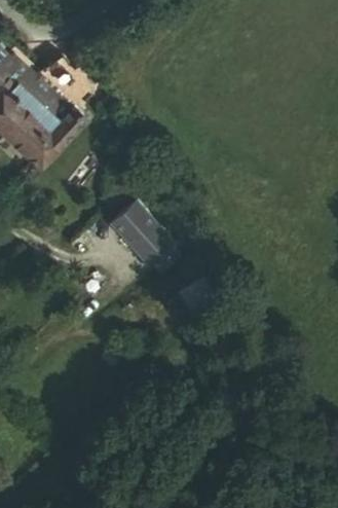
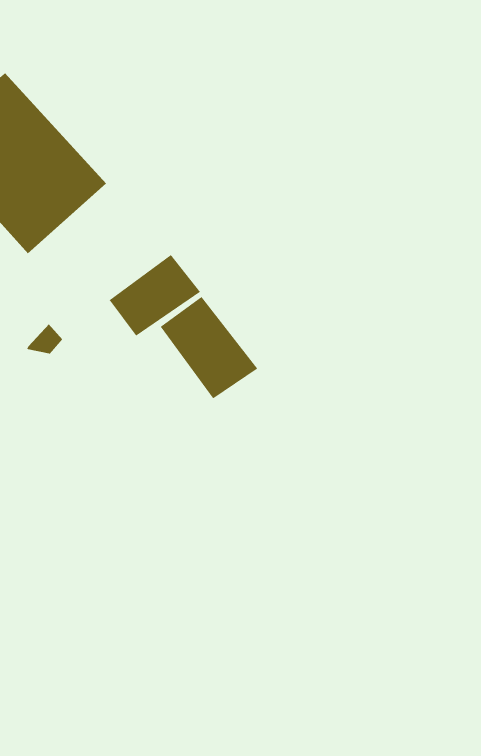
building: none -> [109,254,201,337]

